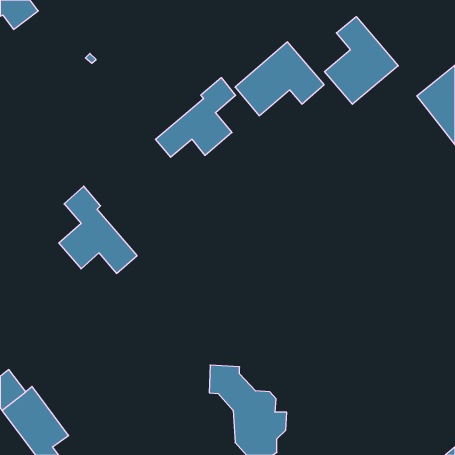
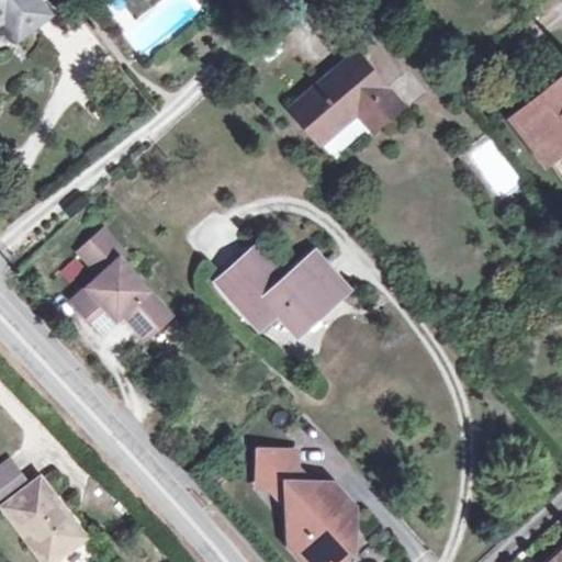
building: [325,17,398,104] -> none
building: [155,78,236,157] -> none
building: none -> [218,248,347,333]

